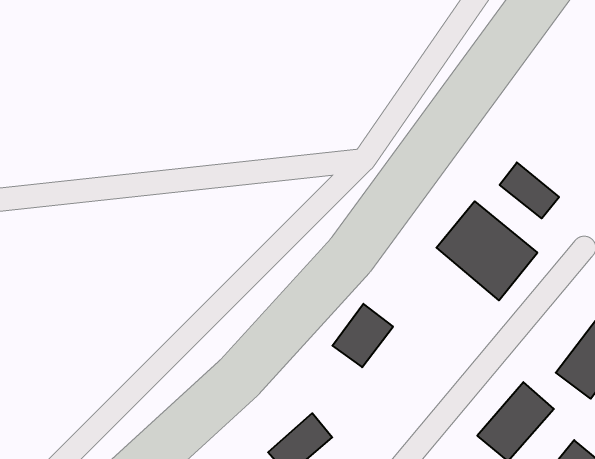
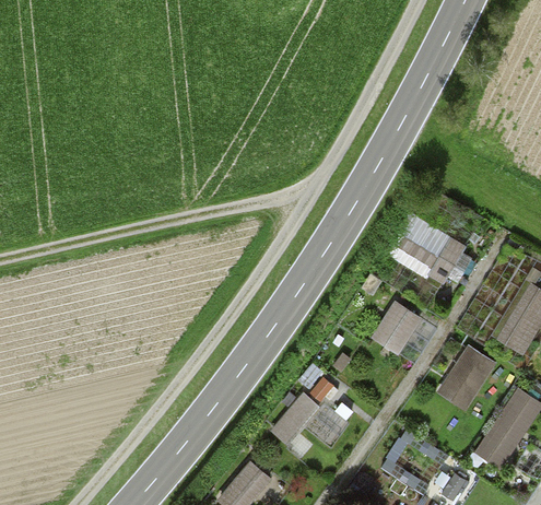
building: [500,162,559,218] -> none
building: [332,304,393,367] -> [373,302,420,353]

